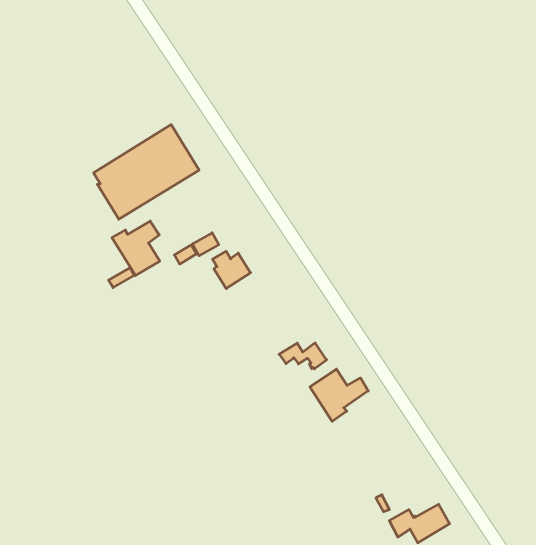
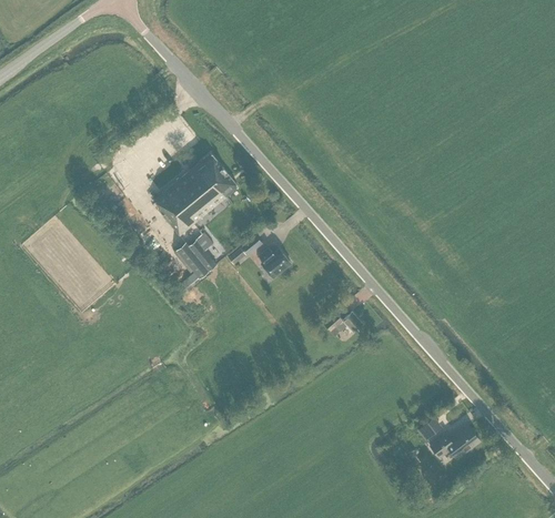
building: [310,369,368,421] -> none

